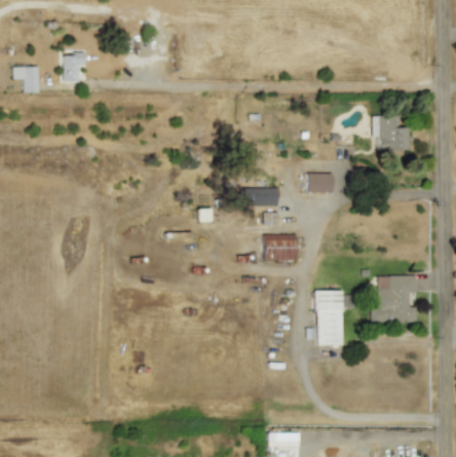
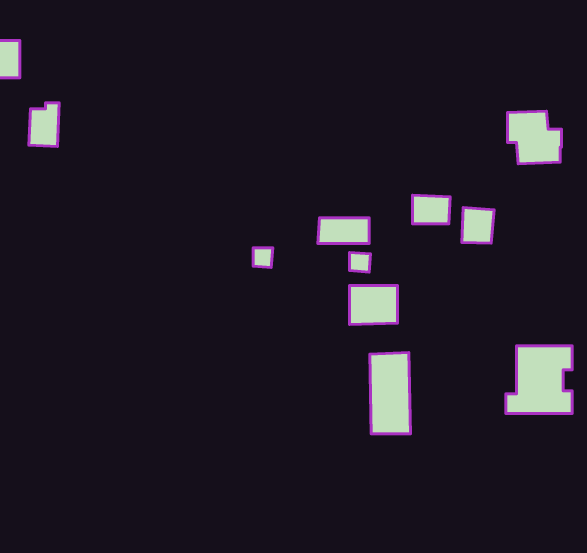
building: [64,51,84,81] -> [29,103,59,147]
building: none -> [462,207,494,243]
building: [315,290,343,345] -> [370,353,410,434]

